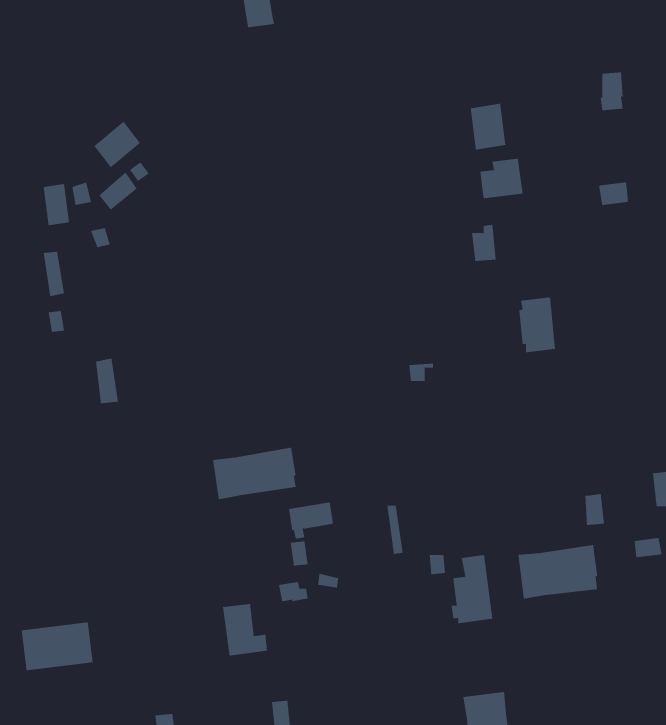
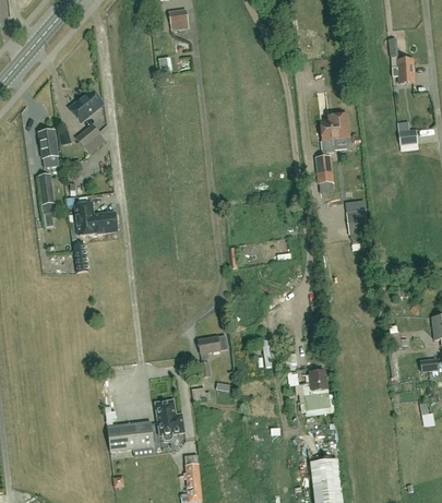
building: [470,103,506,150] -> none
building: none -> [74,203,117,235]
building: [213,447,296,500] -> none
building: [518,544,598,600] -> none
building: [21,622,94,671] -> [107,420,154,452]

